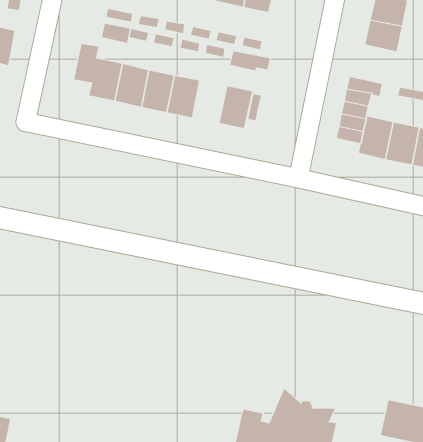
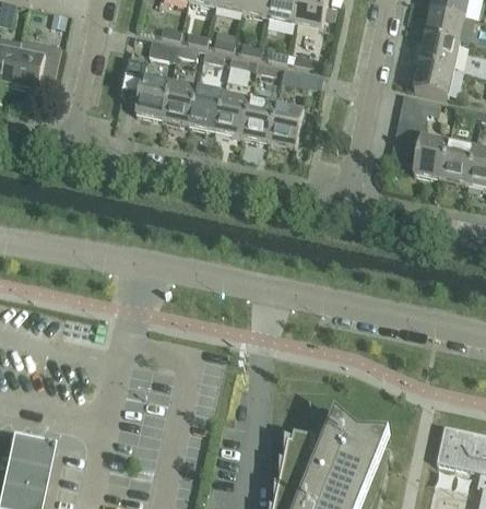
building: none -> [414,61,453,97]
building: none -> [242,95,278,142]

